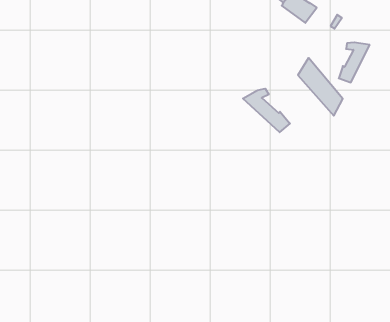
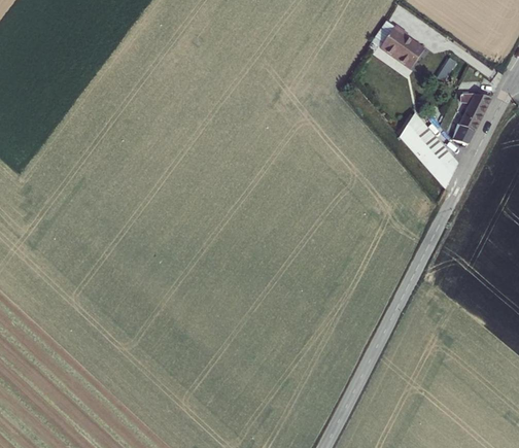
building: [243,89,290,132] -> none

